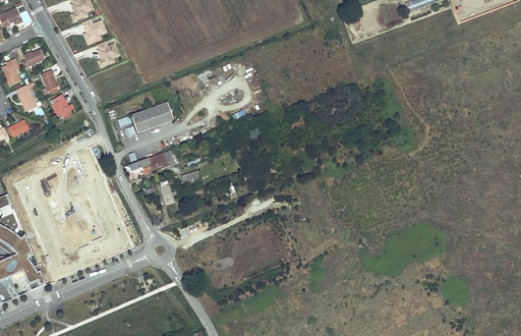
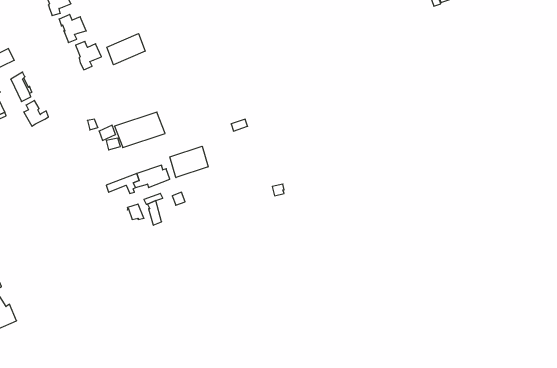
building: none -> [107,34,145,65]
building: none -> [170,146,208,178]

